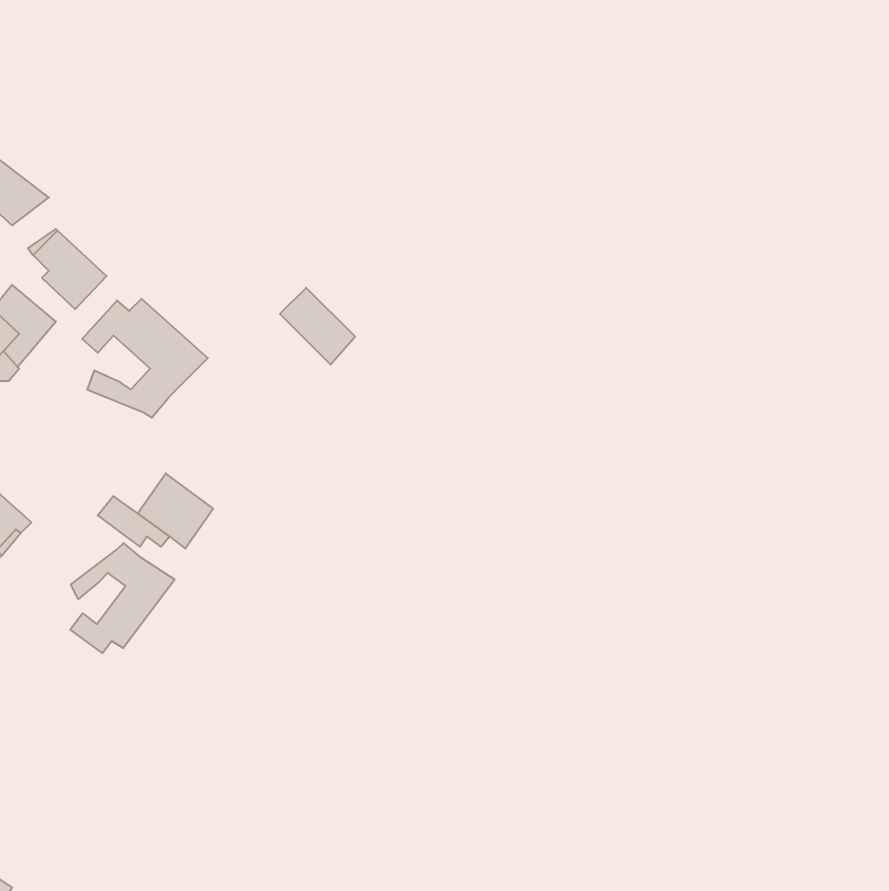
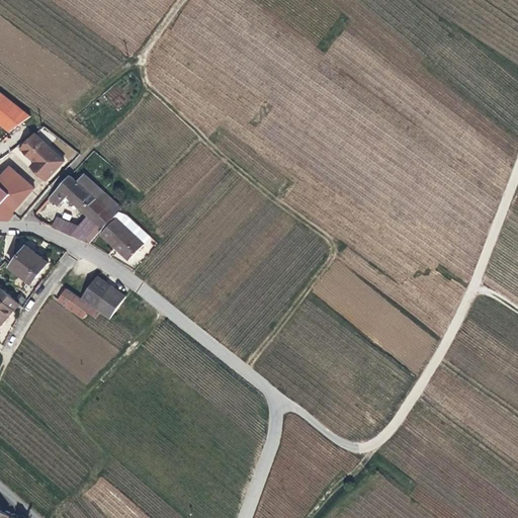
building: [280,288,355,365] -> [98,215,142,260]
building: none -> [9,246,47,282]
building: [70,543,175,653] -> none

